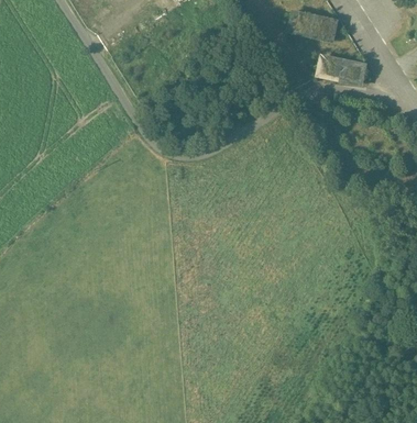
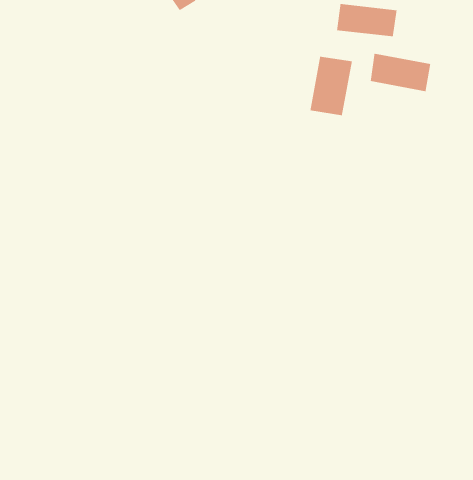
building: none -> [310,56,353,116]

